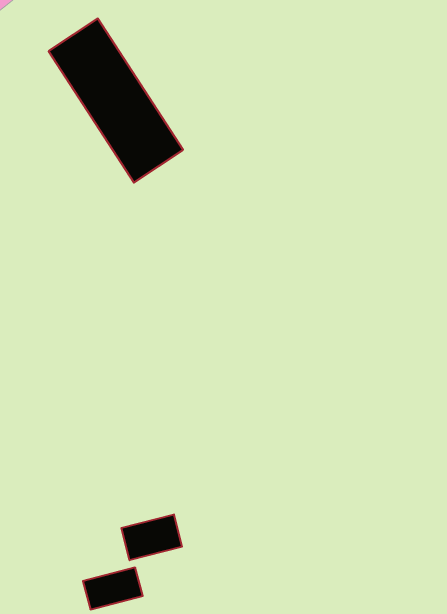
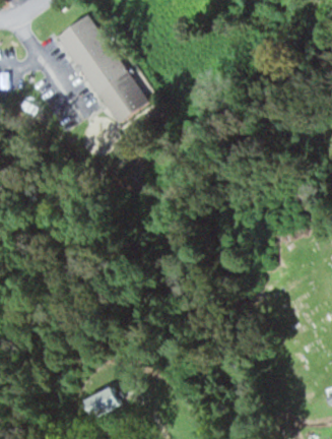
building: [121,514,182,560] -> none

